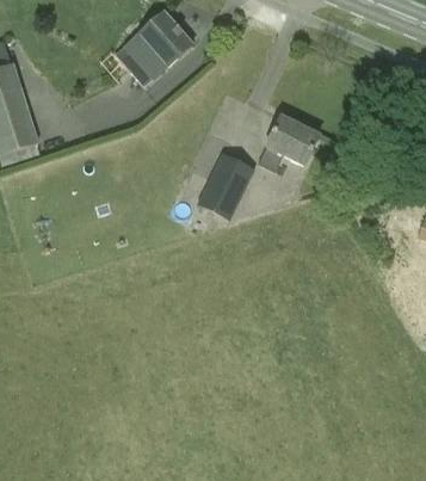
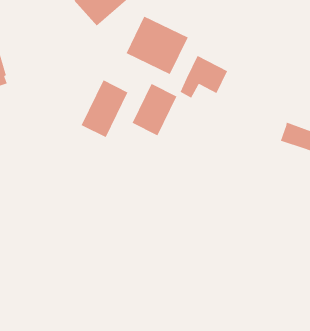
building: none -> [125,16,189,75]
building: none -> [81,79,129,138]

